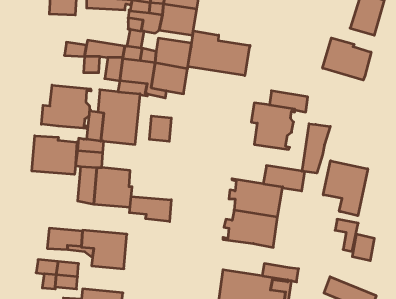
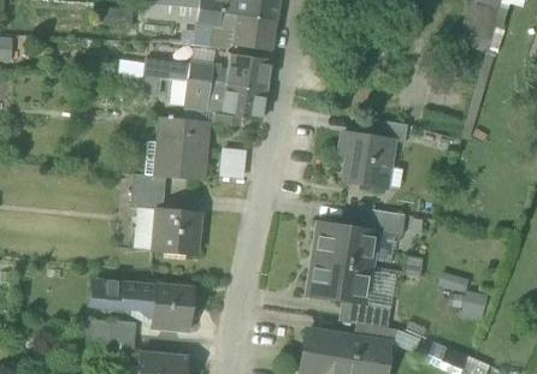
building: [188,31,250,76] -> none
building: [323,38,371,80] -> none
building: [41,85,91,129] -> none
building: [302,124,330,173] -> none
building: [32,136,77,174] -> none
building: [323,161,368,216] -> none
building: [129,196,171,222] -> none
building: none -> [342,298,391,327]

